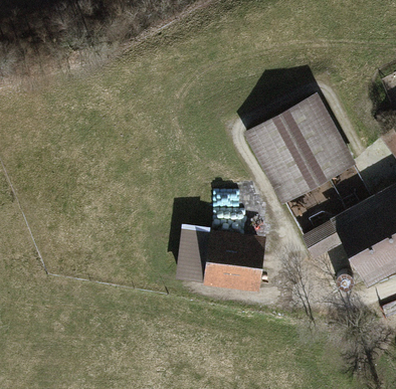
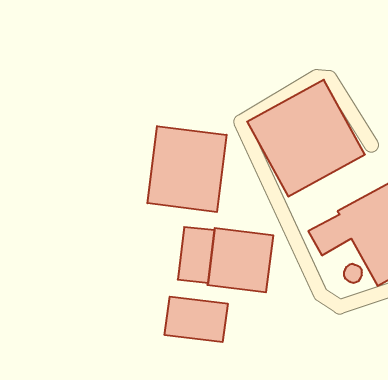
building: none -> [147,126,227,212]
building: none -> [165,297,228,342]

